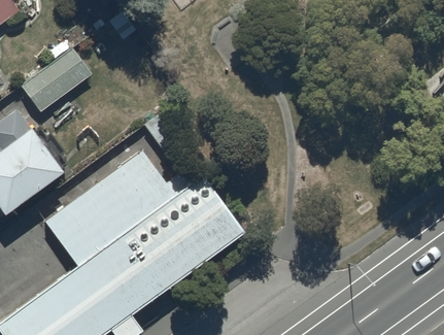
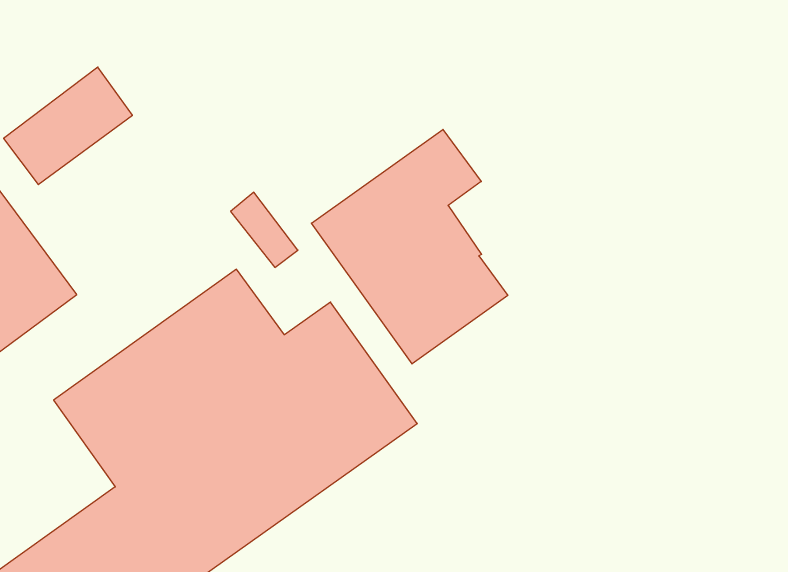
building: none -> [311,129,508,364]

